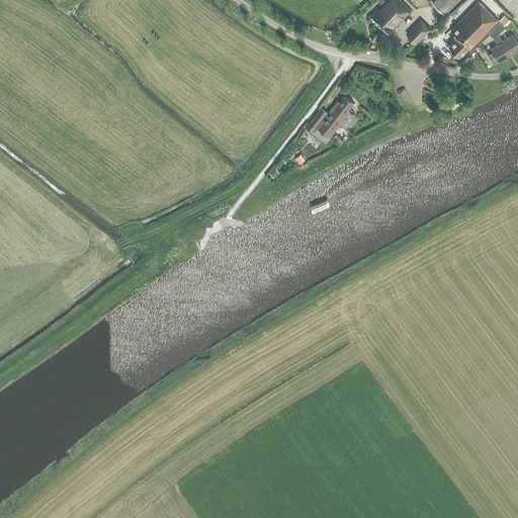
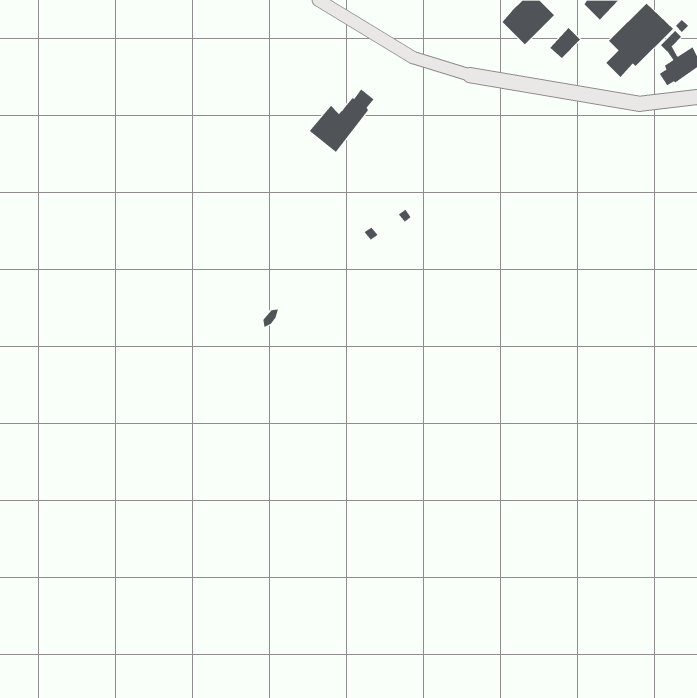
building: [307,95,355,143] -> [309,89,374,153]

